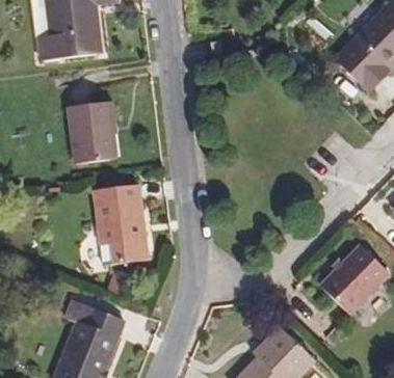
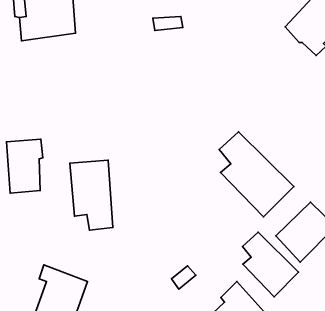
building: [77,112,117,172] -> [6,139,43,193]
building: none -> [219,132,294,217]
building: none -> [243,232,298,297]

